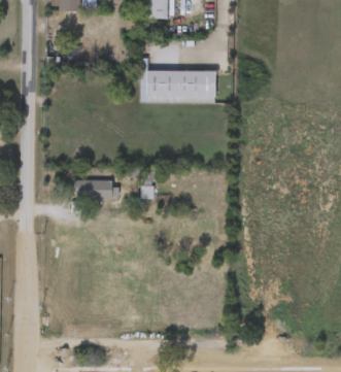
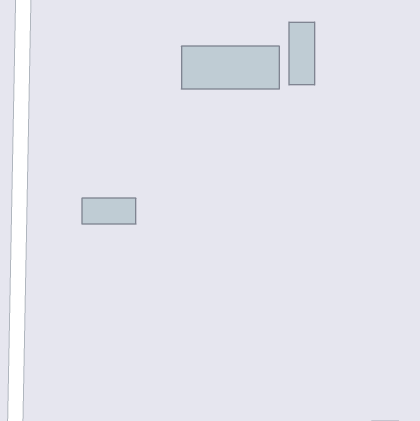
building: none -> [289,22,315,85]

